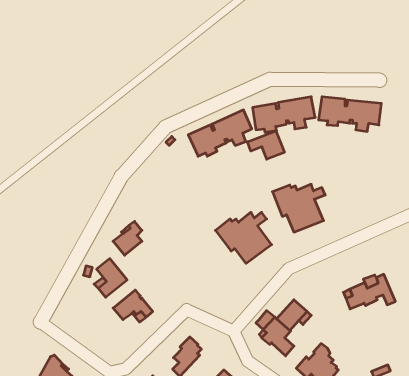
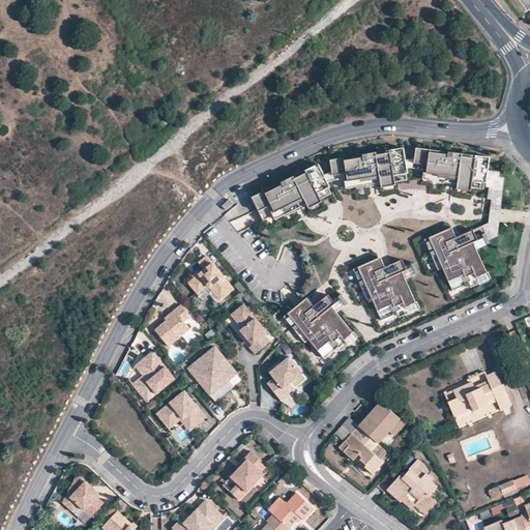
building: [247,131,284,159] -> none
building: none -> [430,233,496,293]
building: none -> [187,256,233,301]
building: none -> [228,305,266,355]
building: none -> [186,347,236,395]
building: none -> [266,357,302,410]

